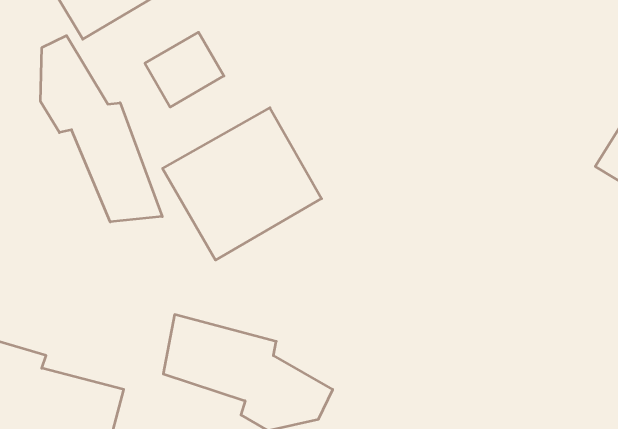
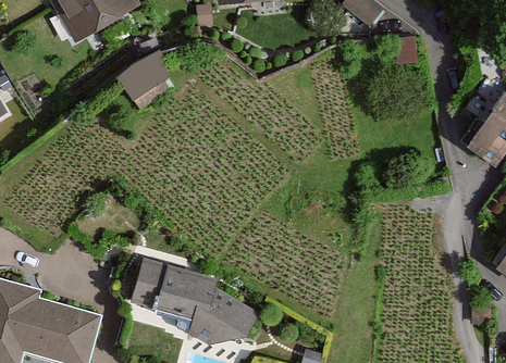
building: [41,36,162,222] -> none
building: [163,108,322,260] -> none

